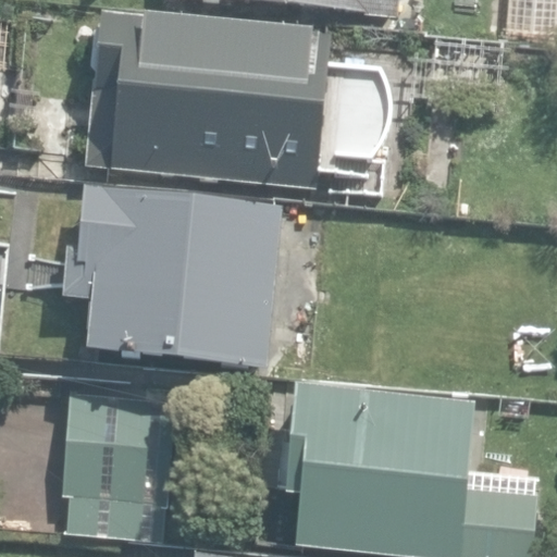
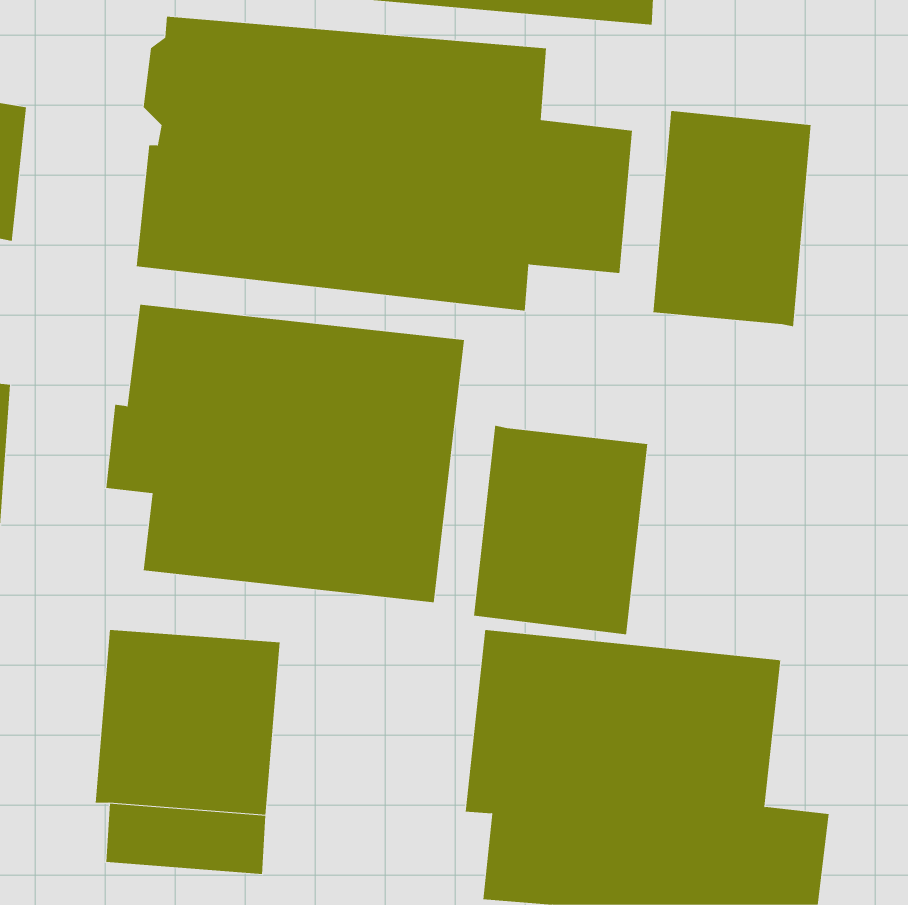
building: none -> [653,110,811,327]
building: none -> [474,425,648,635]

